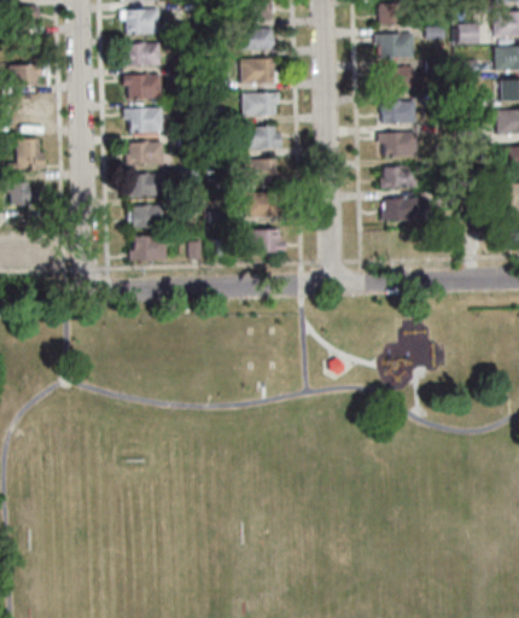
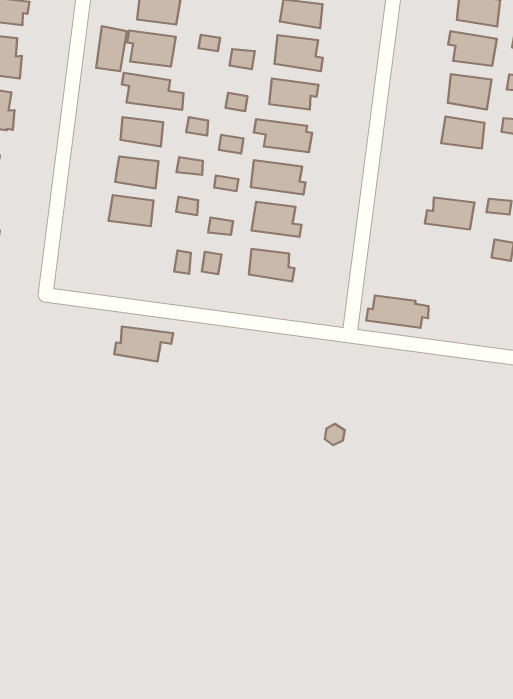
building: none -> [96,26,127,71]
building: [378,132,416,156] -> none
building: [381,198,430,220] -> [366,296,429,328]
building: [130,235,174,260] -> [114,326,173,361]

